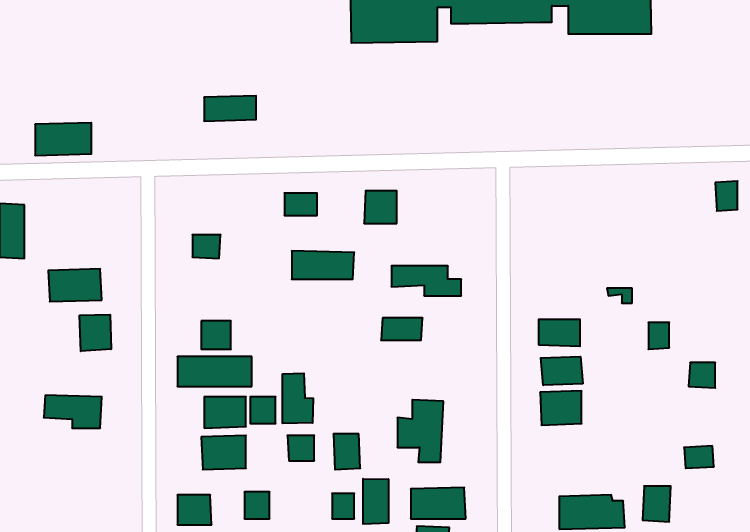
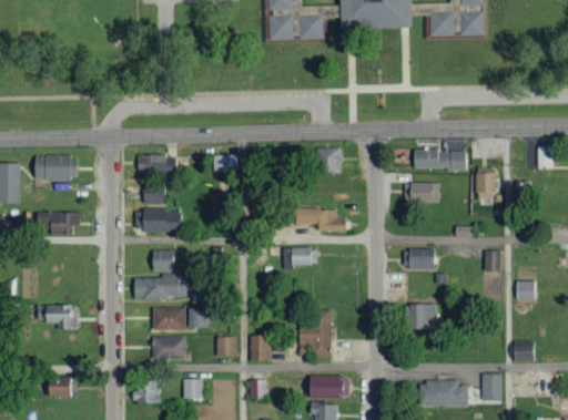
building: [204,96,256,121] -> [139,155,178,174]
building: [35,123,91,155] -> [34,156,77,181]
building: none -> [414,151,467,171]
building: [364,191,397,223] -> [316,148,341,173]
building: none -> [476,173,497,198]
building: none -> [409,183,440,204]
building: [292,251,354,279] -> [135,211,182,232]
building: [80,315,111,351] -> none
building: [541,357,583,385] -> none
building: [283,373,313,423] -> none
building: [363,479,388,524] -> none
building: none -> [47,376,71,397]

